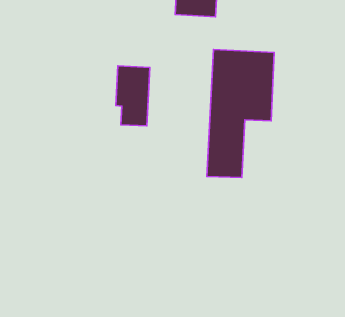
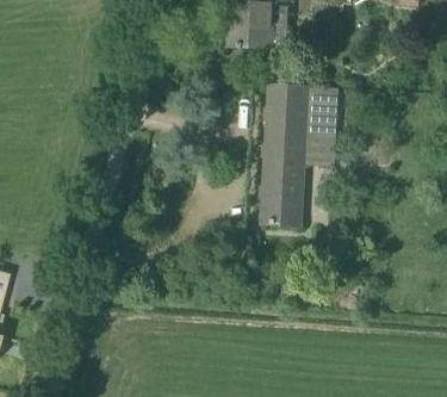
building: [116,66,150,126] -> none

